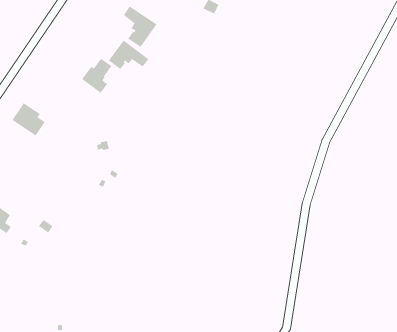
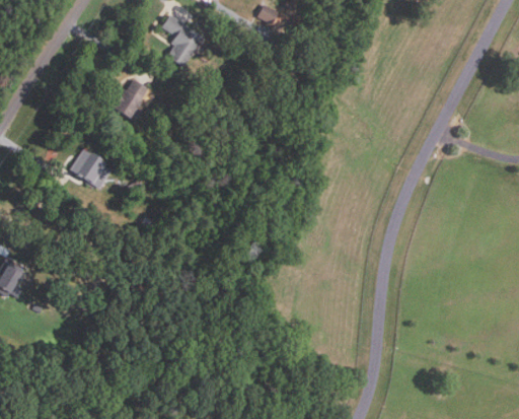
building: [108,40,149,70] -> none
building: [11,102,46,137] -> [69,146,112,189]

